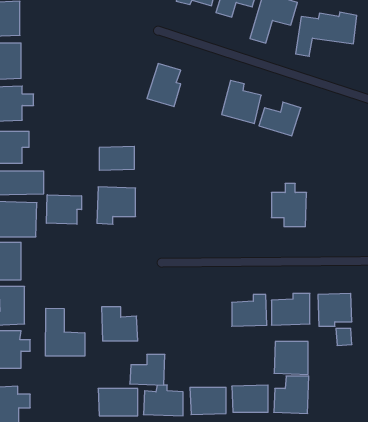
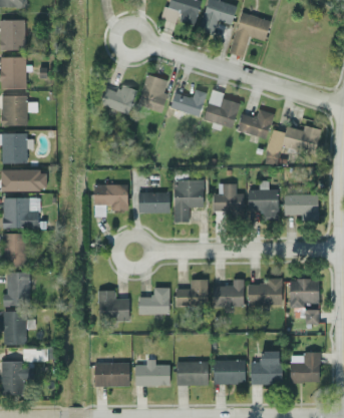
building: [296,12,357,56] -> [265,126,319,165]
building: none -> [111,84,138,115]
building: none -> [169,89,207,117]
building: [99,146,134,170] -> [138,192,169,214]
building: none -> [174,180,204,223]
building: none -> [213,183,244,213]
building: [46,195,82,224] -> none
building: none -> [284,194,318,222]
building: none -> [176,280,208,307]
building: [46,308,85,356] -> none
building: [274,342,308,374] -> [290,354,320,383]
building: [130,355,165,385] -> [138,288,169,315]

